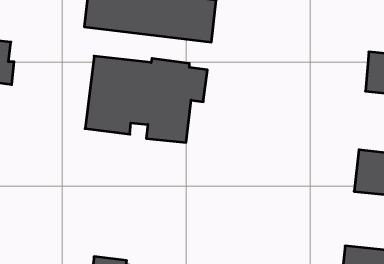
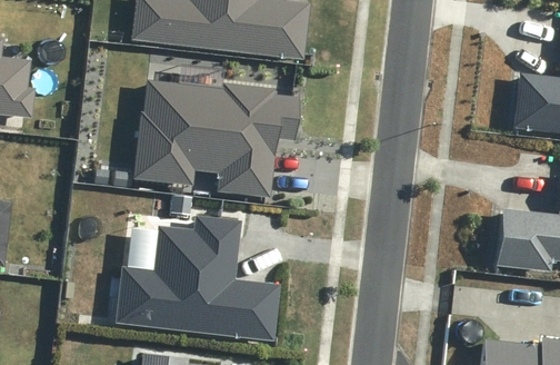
building: none -> [114,216,279,342]

